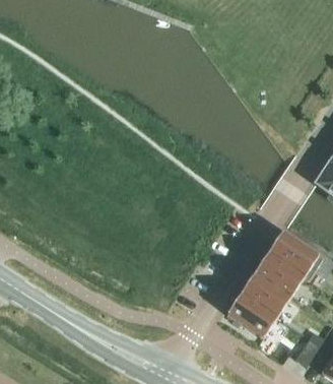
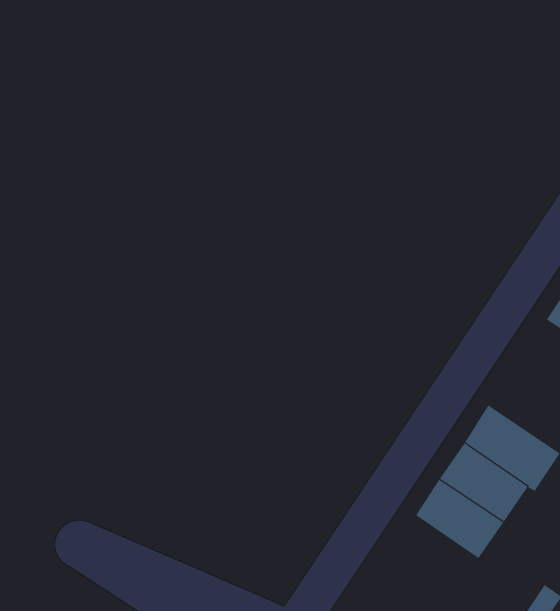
building: [227,293,277,338] -> none

